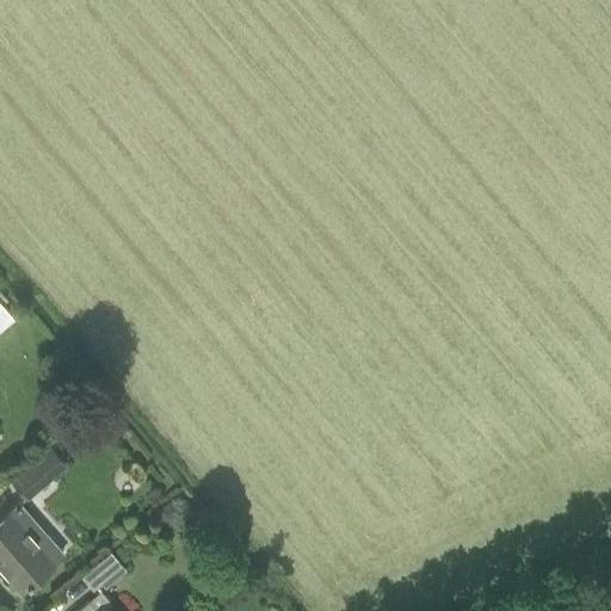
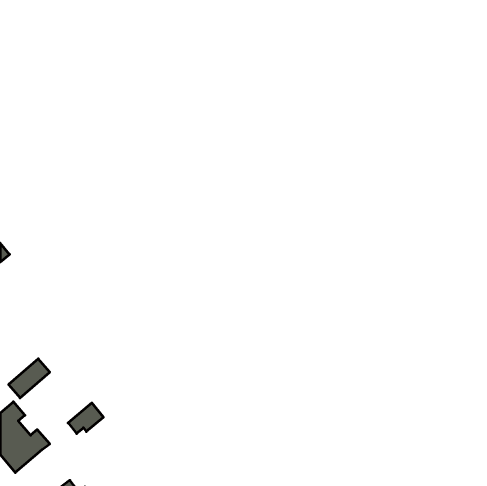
building: [82,555,126,593] -> [68,403,103,434]

